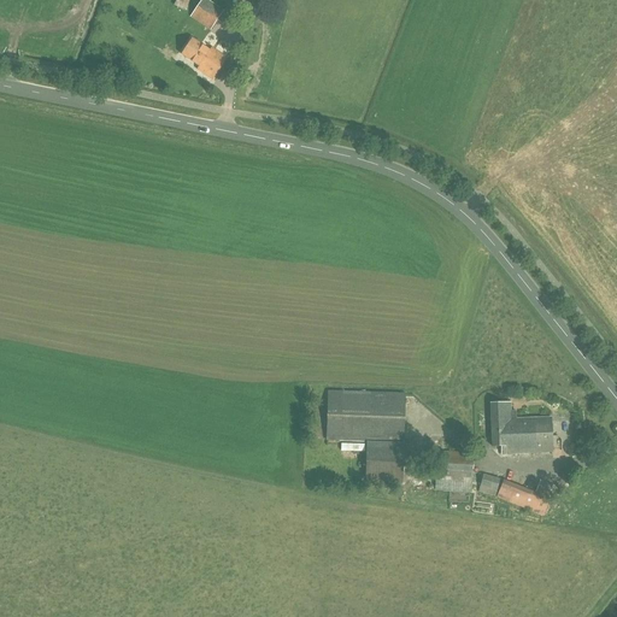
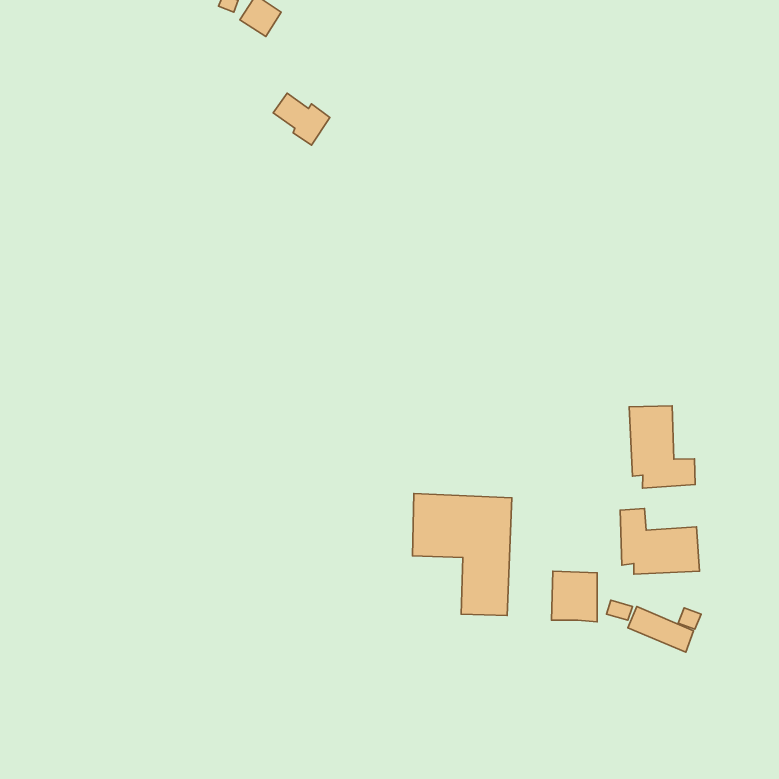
building: [181,37,225,78] -> [273,93,330,145]
building: none -> [629,406,695,488]

